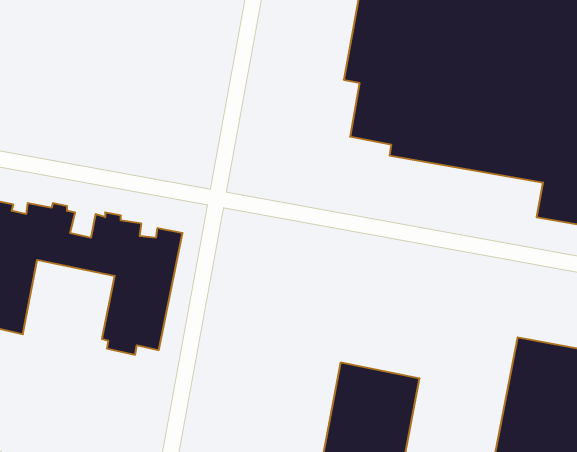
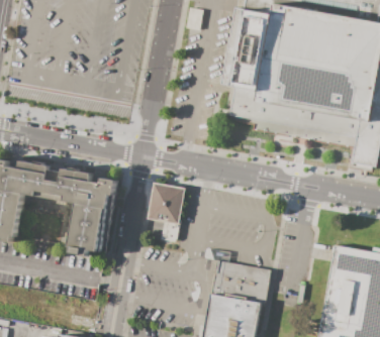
building: none -> [146,184,182,236]

